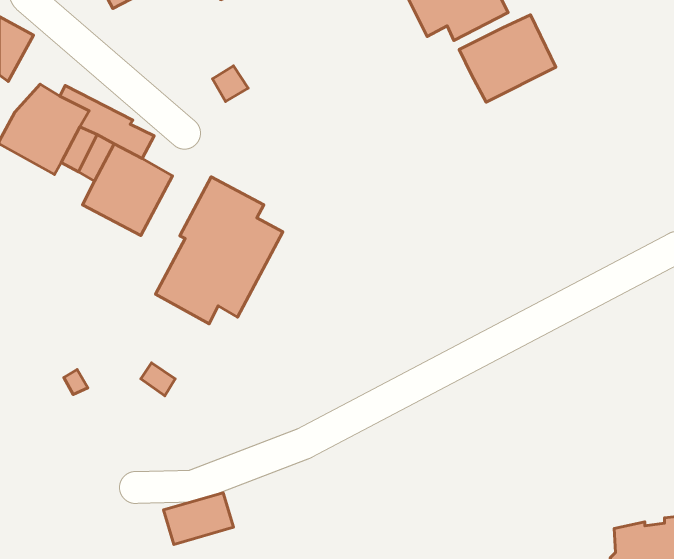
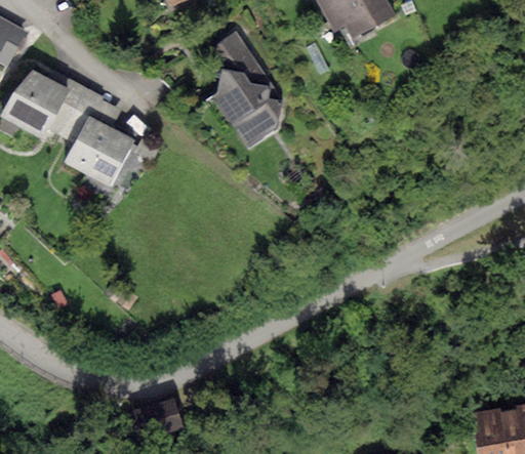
building: [459,15,556,102] -> none
building: none -> [210,31,281,148]
building: [155,177,283,324] -> none

